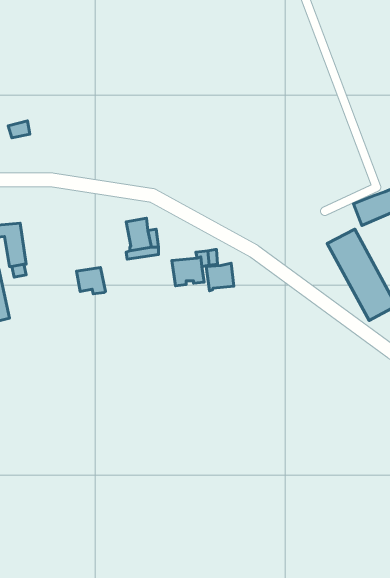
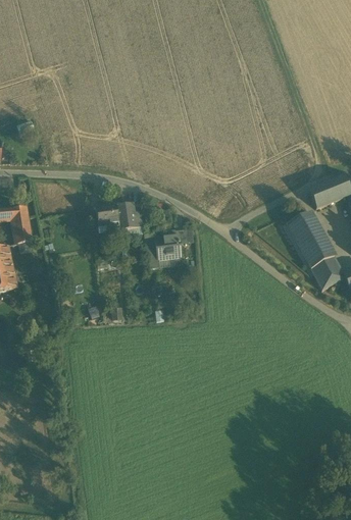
building: [206,263,234,291] -> none
building: [76,267,105,294] -> [96,206,120,228]

